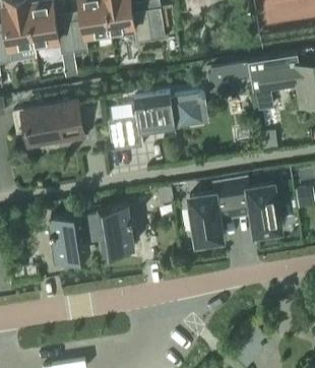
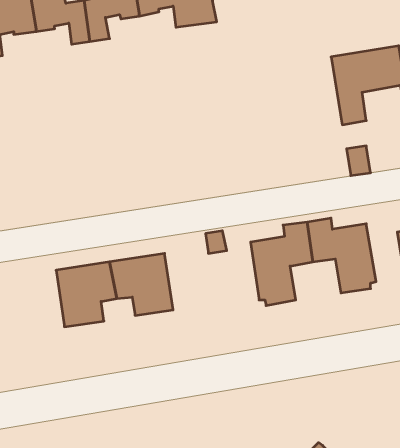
building: [206,63,249,87] -> none
building: [107,93,204,152] -> none
building: [21,102,82,145] -> none

